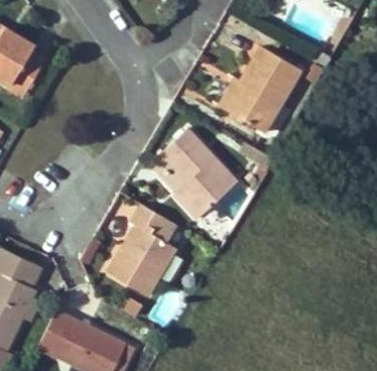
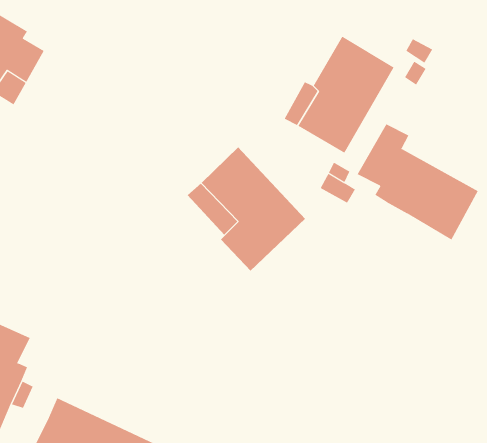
building: none -> [357,123,479,240]
building: [108,205,175,294] -> none

